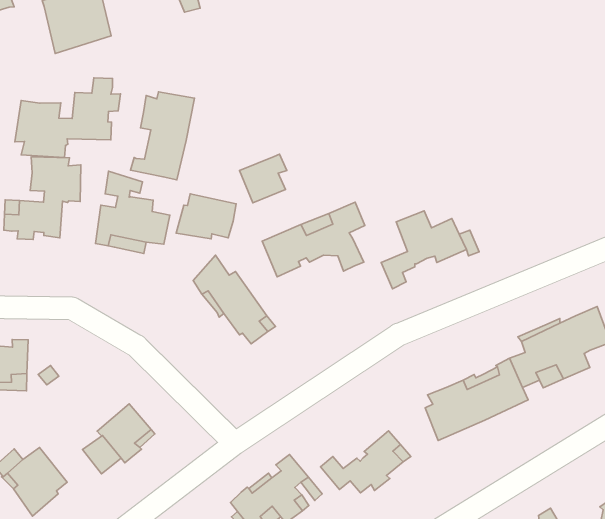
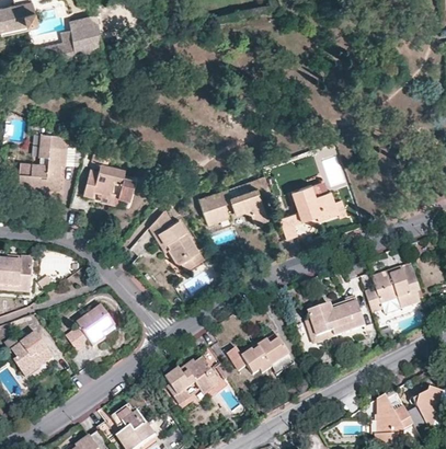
building: [15,78,120,158] -> none
building: [130,92,194,180] -> none
building: [240,154,287,203] -> none
building: [176,194,236,239] -> none

